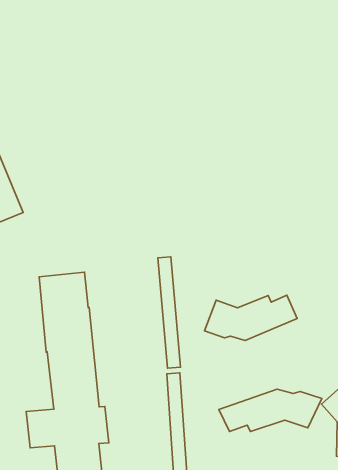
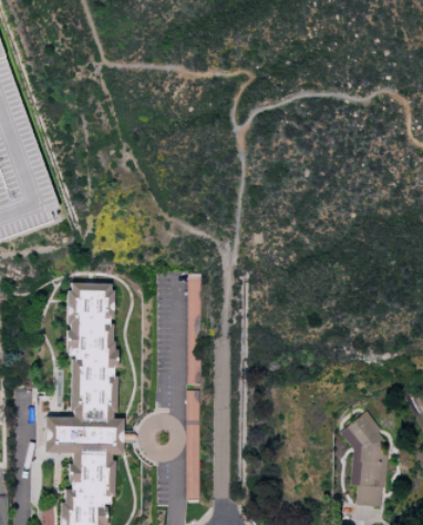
building: [205,295,297,341] -> none
building: [219,389,322,432] -> none

